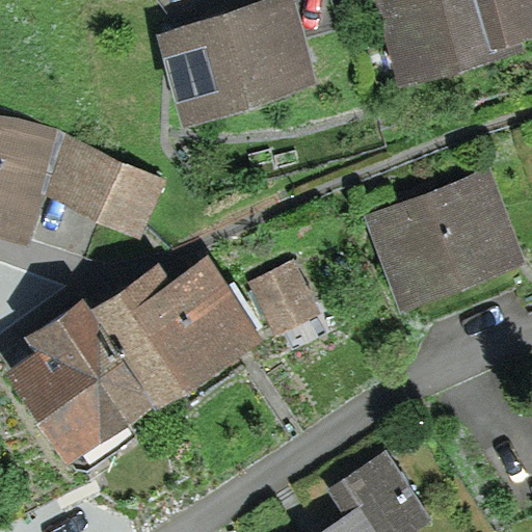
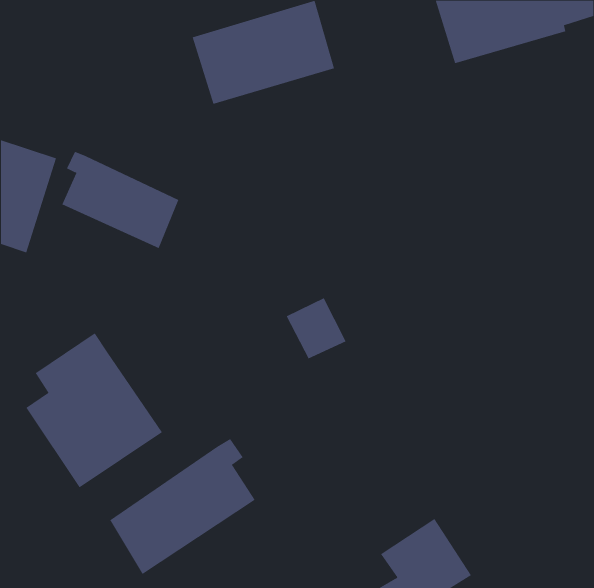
building: [380,188,502,288] -> none
building: [97,277,246,392] -> none
building: none -> [109,438,256,575]

